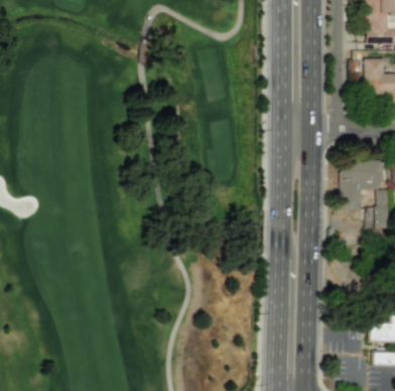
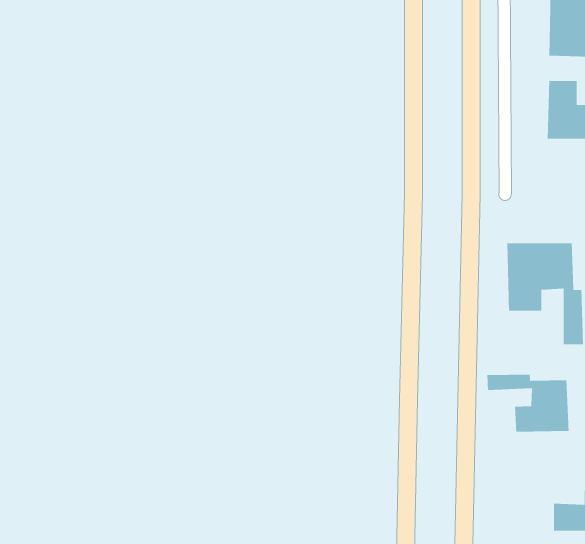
building: none -> [486,374,570,433]

